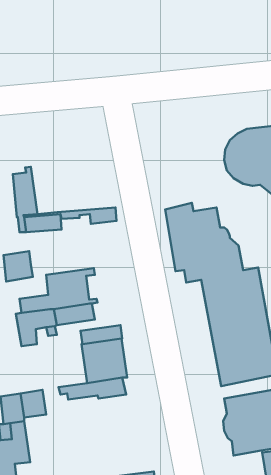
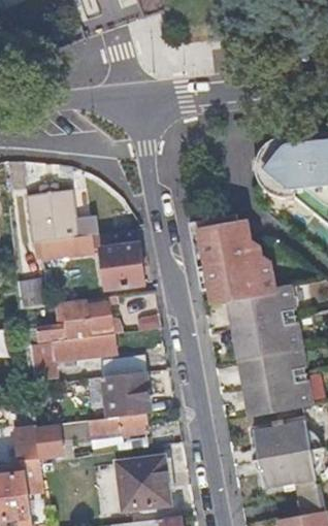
building: none -> [46,184,75,235]
building: none -> [101,242,144,287]
building: none -> [119,456,170,508]

